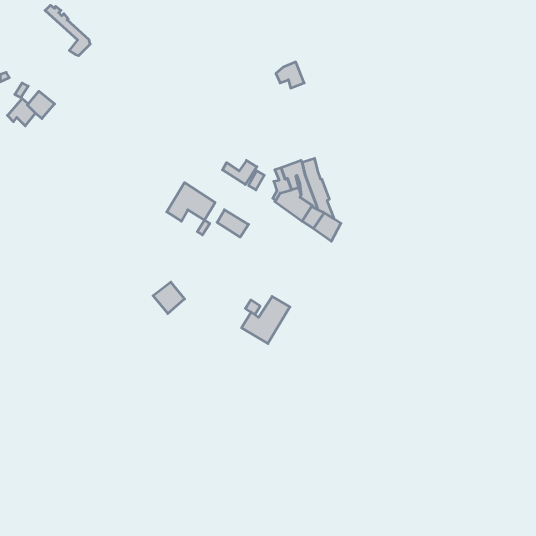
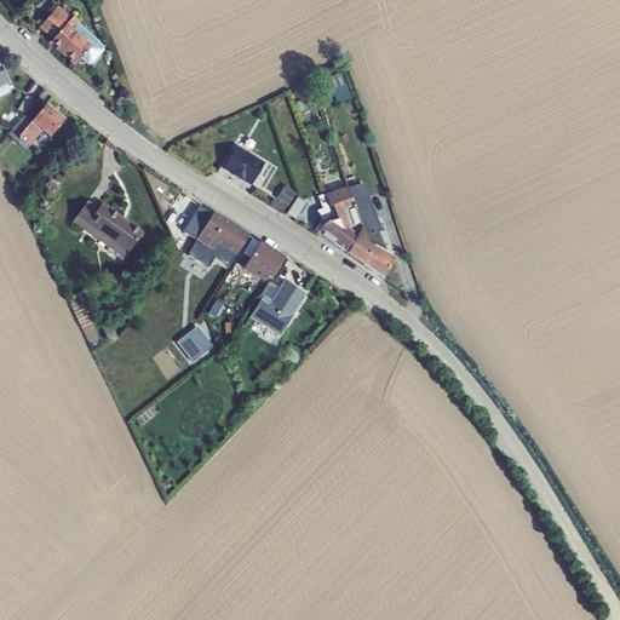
building: none -> [39,12,90,64]
building: none -> [223,147,264,185]
building: none -> [73,200,142,258]
building: [242,296,290,344] -> [249,281,305,335]

